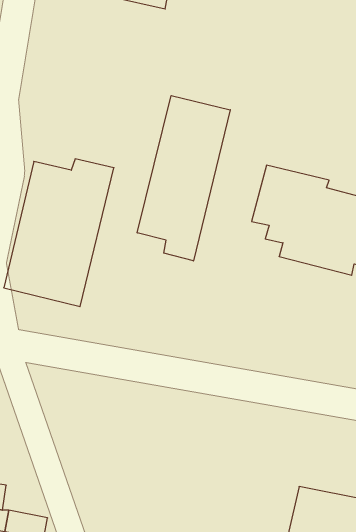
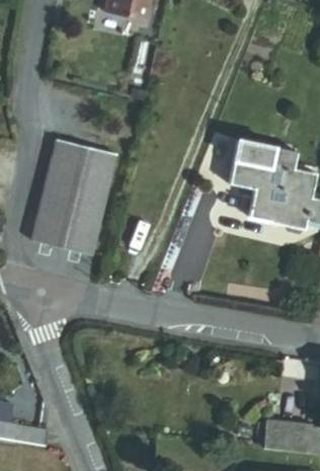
building: [137,96,230,261] -> none

